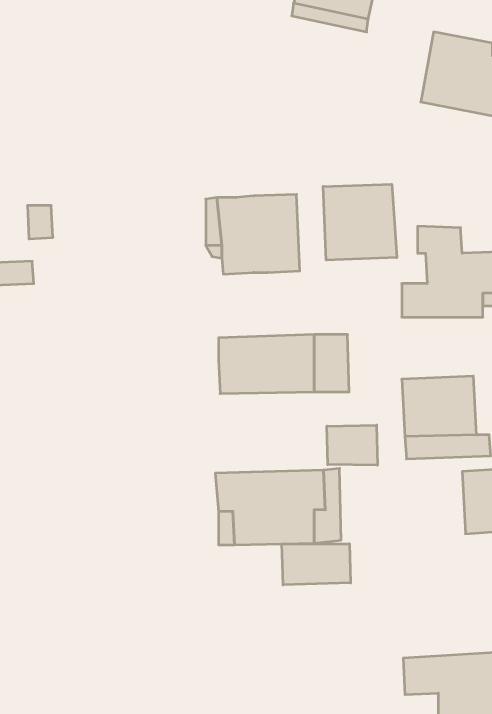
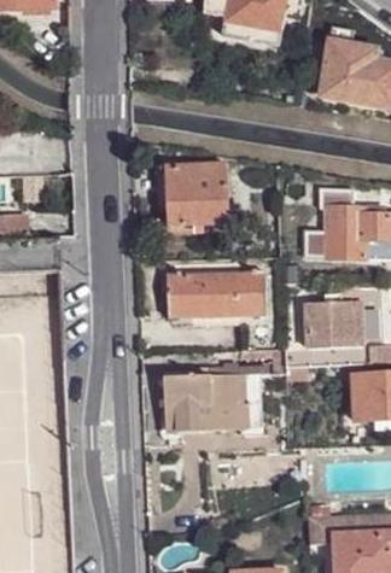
building: [323,184,397,260] -> none
building: [327,425,377,465] -> none
building: [282,544,351,585] -> none

